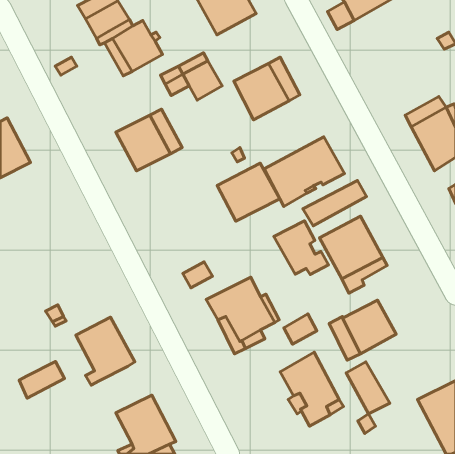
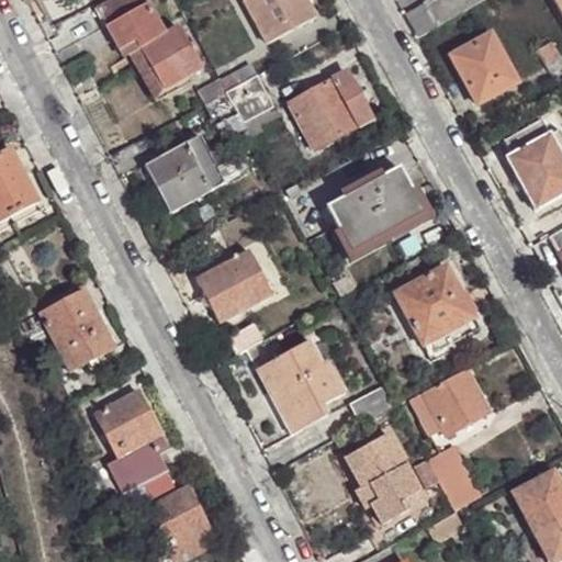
building: none -> [451,33,518,104]
building: [217,163,280,221] -> [195,249,272,321]
building: [303,180,366,226] -> none
building: [274,221,328,274] -> none
building: none -> [41,288,115,369]
building: [19,361,65,398] -> [113,450,169,495]

